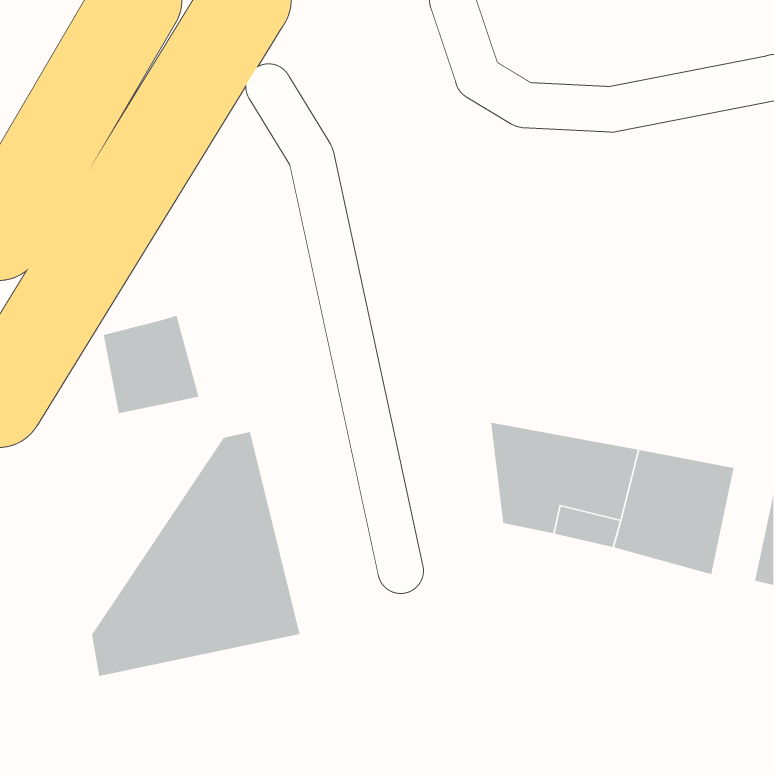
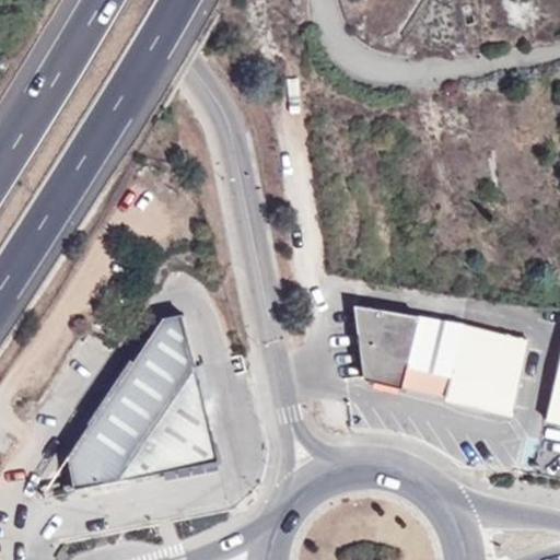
building: [103,315,199,414] -> none

